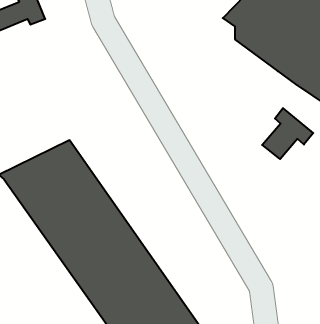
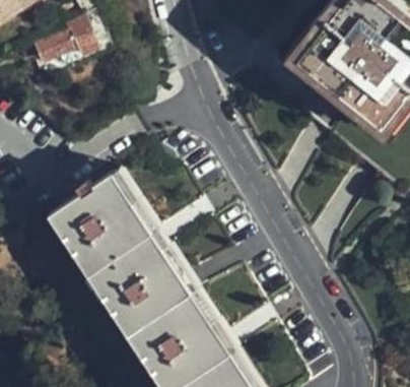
building: [262,108,313,159] -> none

